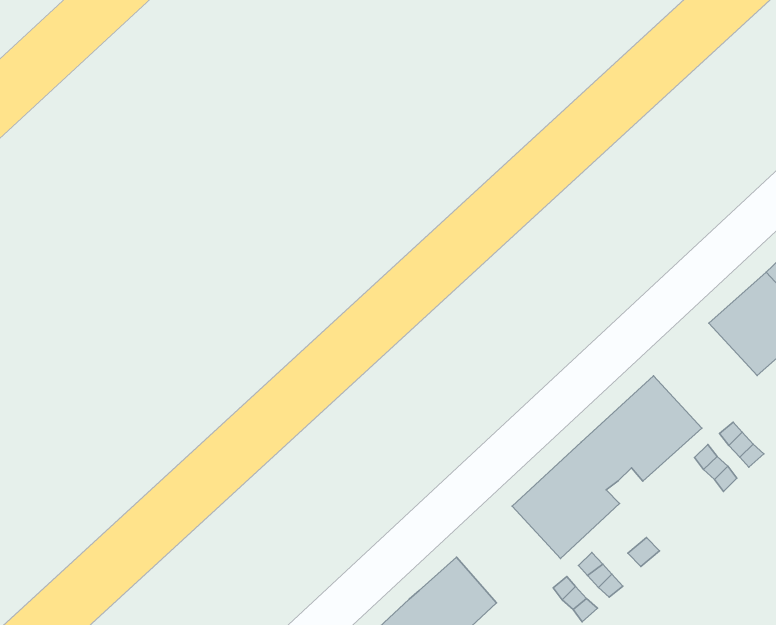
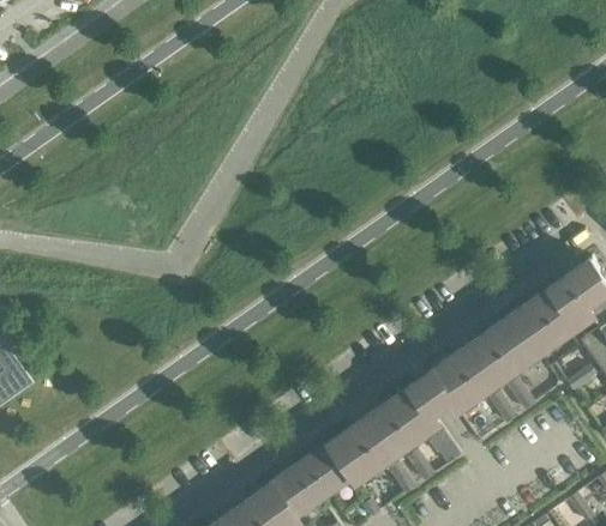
building: none -> [469,316,535,382]
building: none -> [329,416,395,482]

